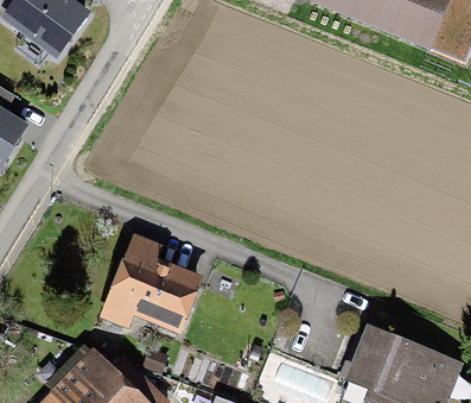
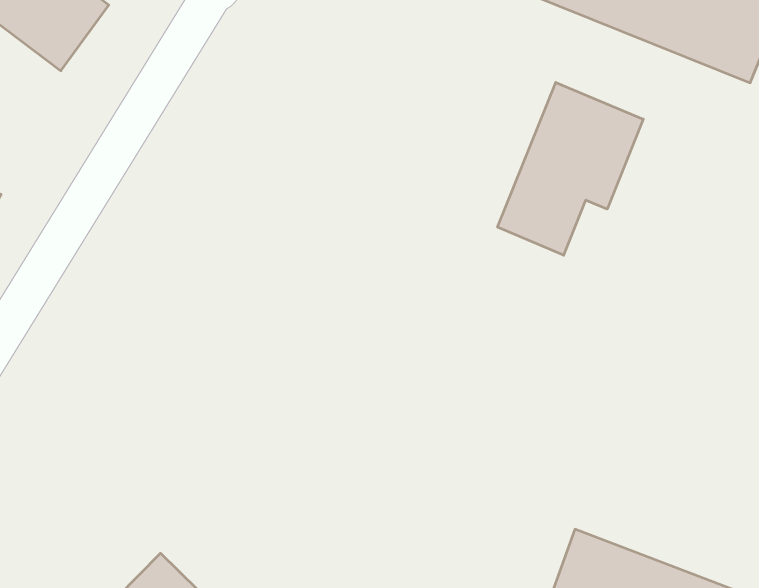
building: none -> [498,82,643,255]
building: [108,244,190,327] -> none

